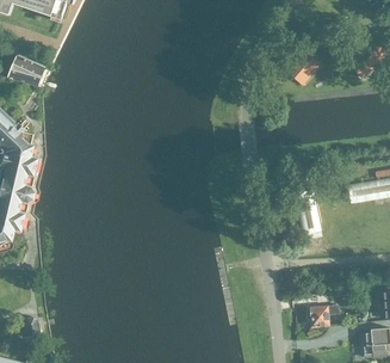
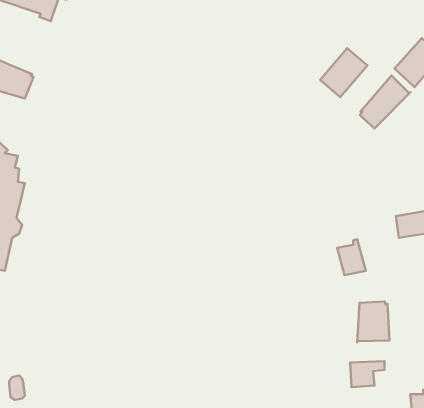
building: none -> [360,76,411,128]
building: none -> [357,302,390,343]

